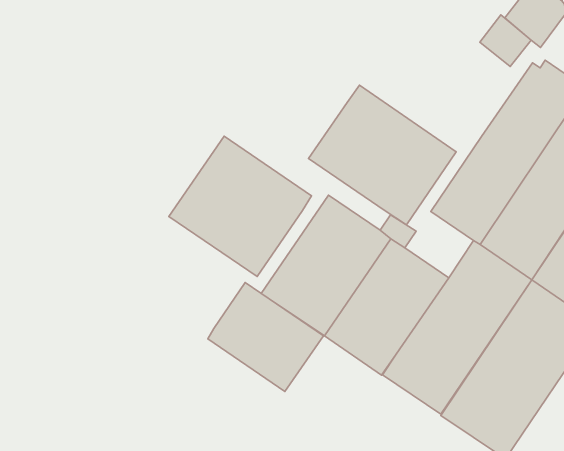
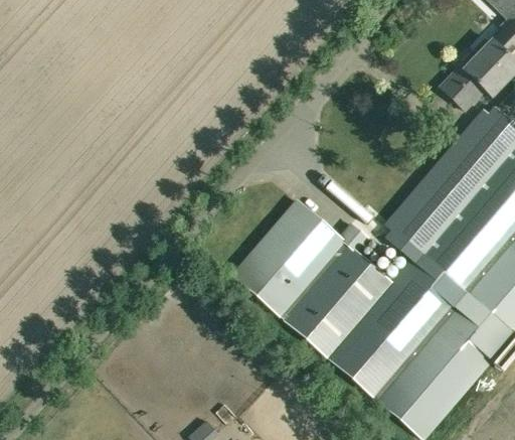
building: [309,85,456,225] -> none
building: [169,136,311,277] -> none
building: [208,283,324,392] -> none

